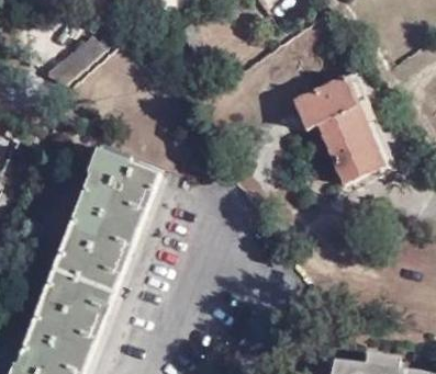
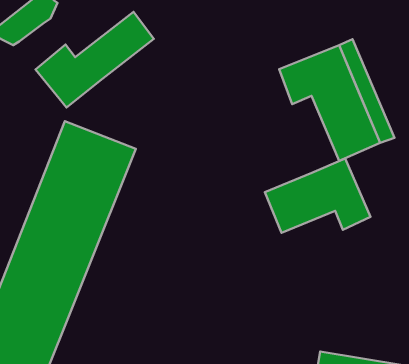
building: none -> [35,12,154,107]
building: none -> [265,158,371,233]

